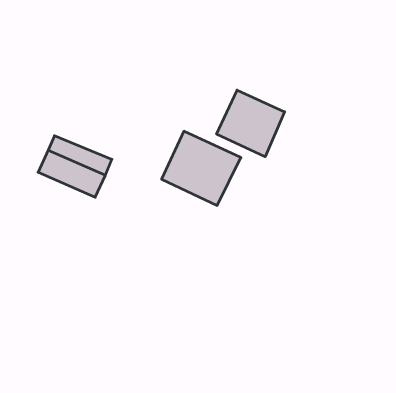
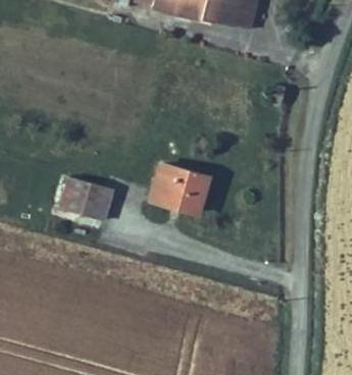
building: [217,90,285,157] -> none

